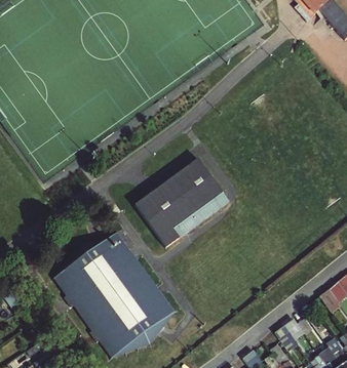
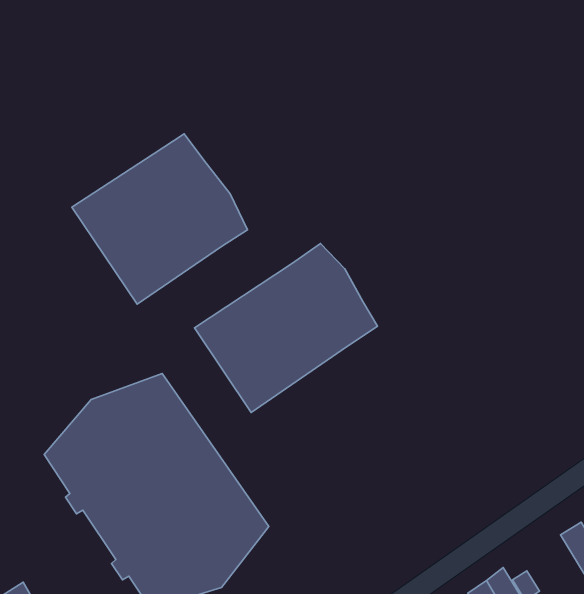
building: none -> [72,134,248,304]

